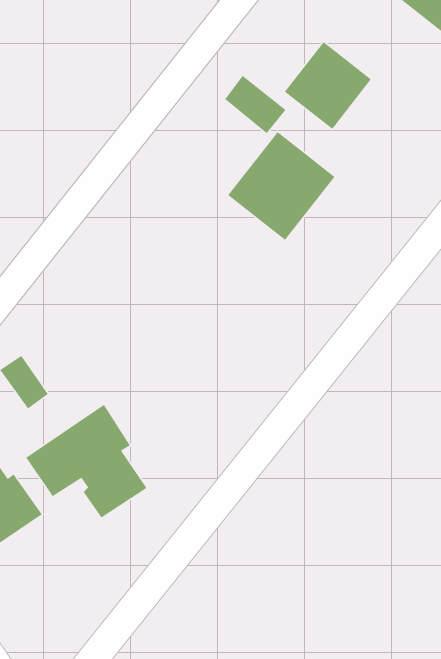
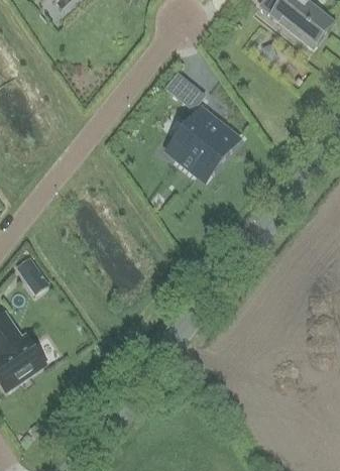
building: [284,41,372,130] -> none
building: [25,404,147,519] -> none

